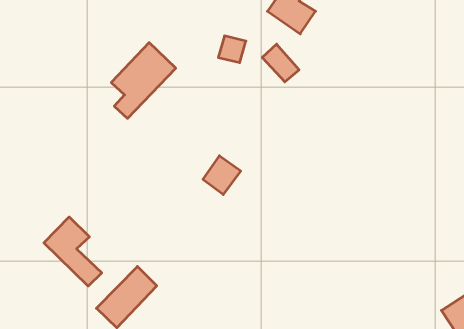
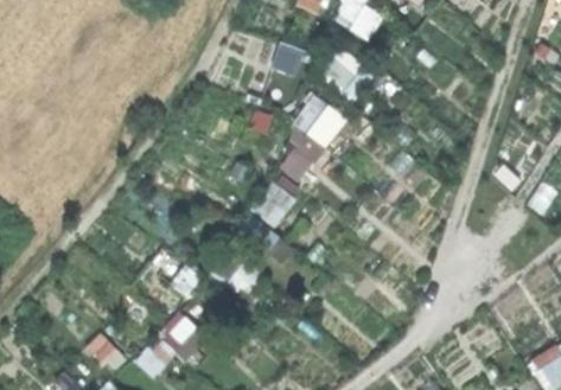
building: [111,43,176,118] -> [275,94,350,181]
building: [44,217,102,286] -> none

